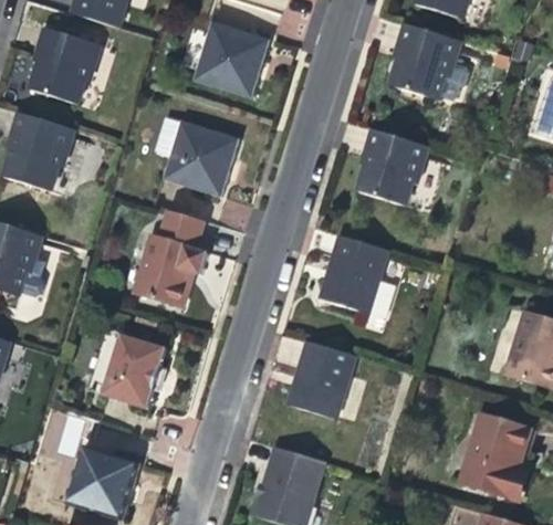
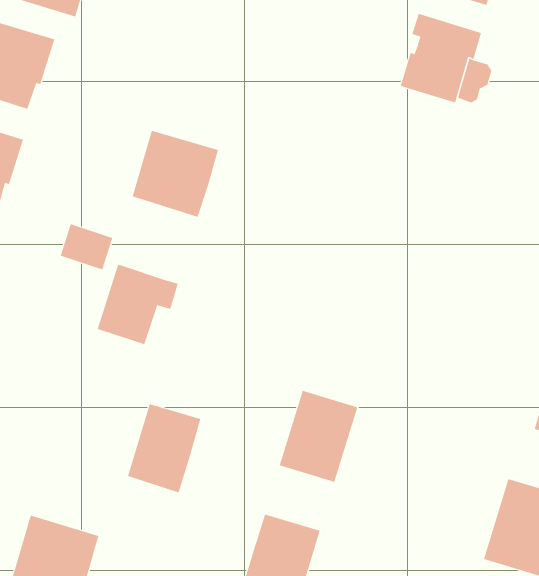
building: [194,18,268,93] -> none
building: [357,130,428,206] -> none
building: [155,208,200,248] -> [60,223,113,270]
building: [321,238,387,314] -> none
building: [101,330,164,407] -> [127,403,201,493]

